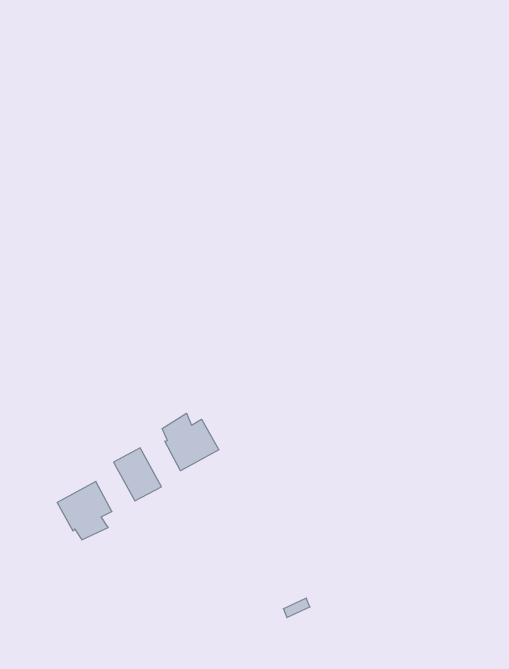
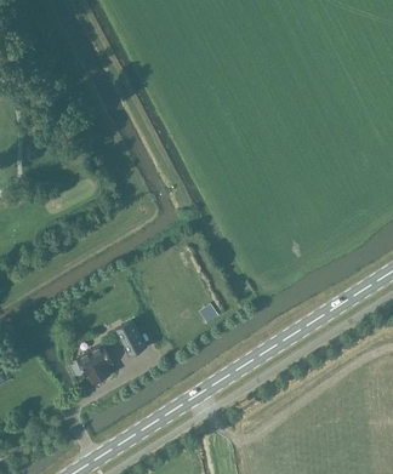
building: [162,413,219,471] -> none

